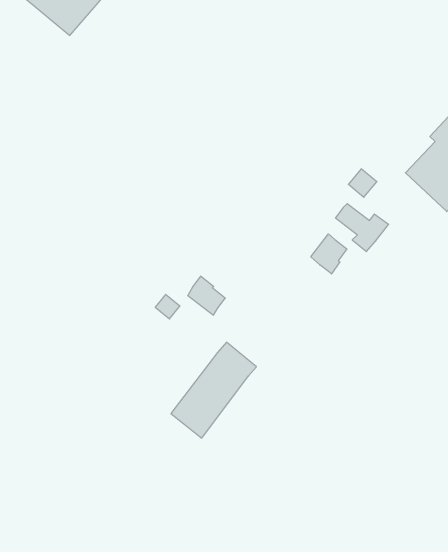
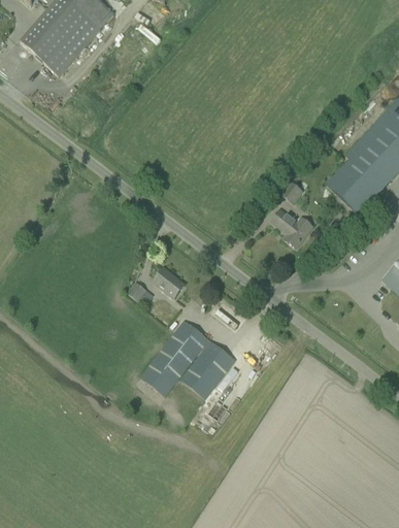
building: [311,234,347,274] -> none
building: none -> [181,339,235,397]

